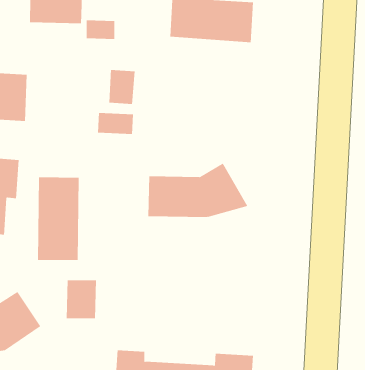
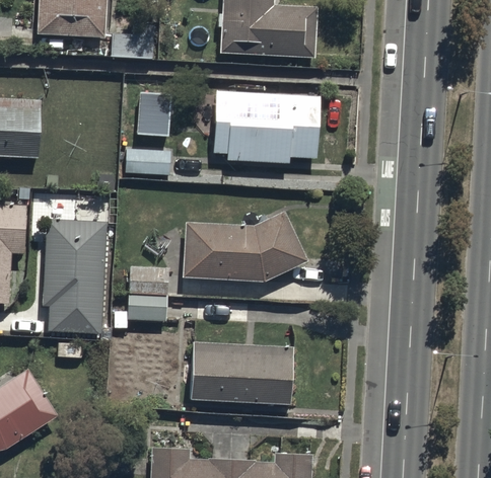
building: none -> [214,90,320,156]
building: none -> [191,345,289,405]
building: [66,280,97,319] -> [127,269,165,318]

